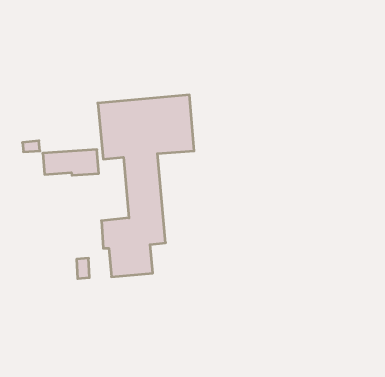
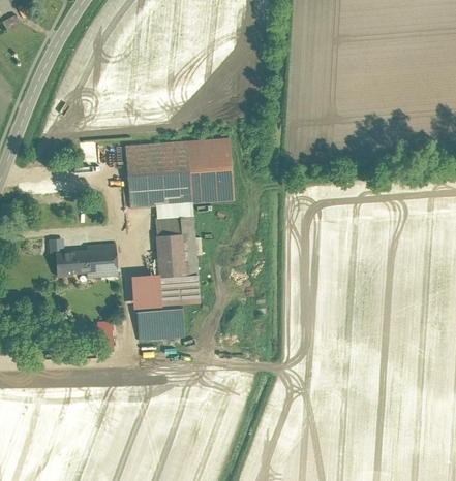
building: [43,150,99,175] -> [54,249,117,278]

